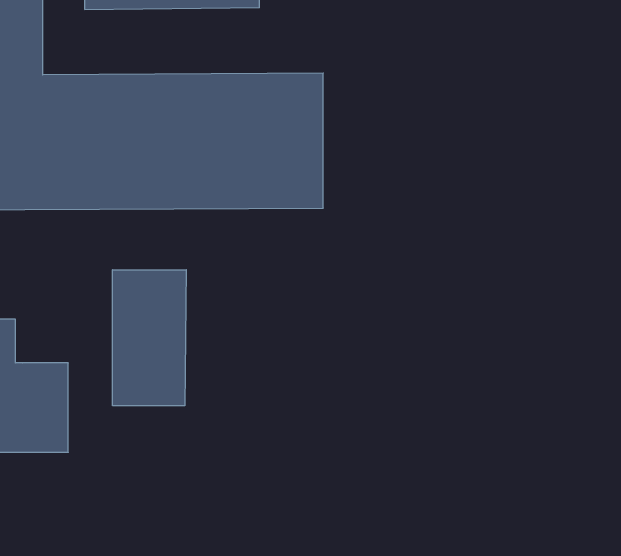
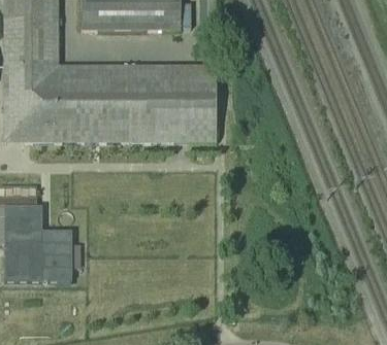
building: [113,270,186,406] -> none

